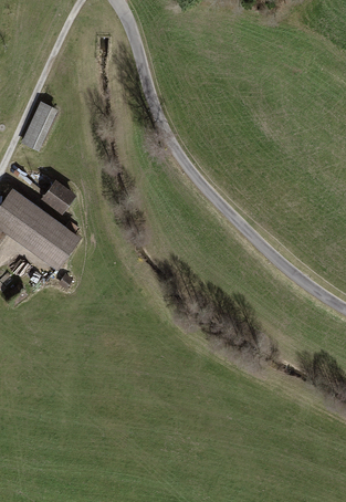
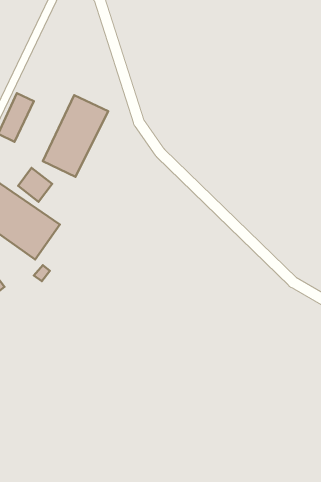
building: none -> [43,95,108,177]

